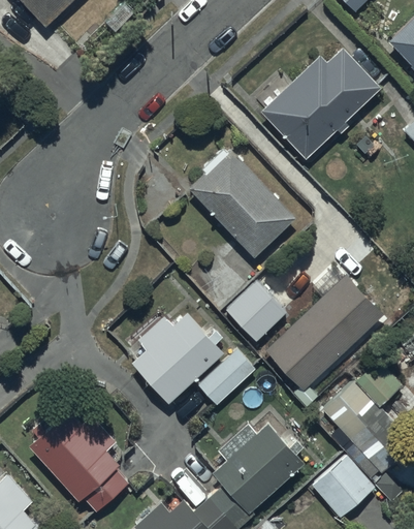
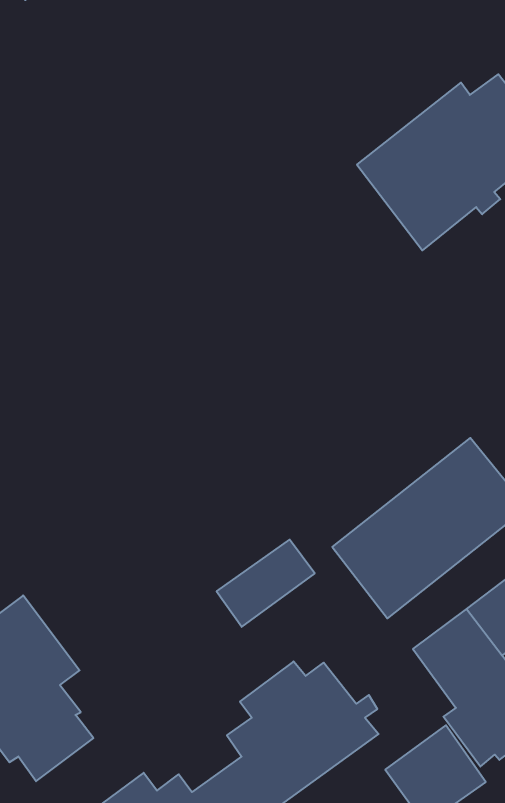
building: [189,148,296,258] -> none
building: [226,279,287,341] -> none
building: [131,314,225,405] -> none

